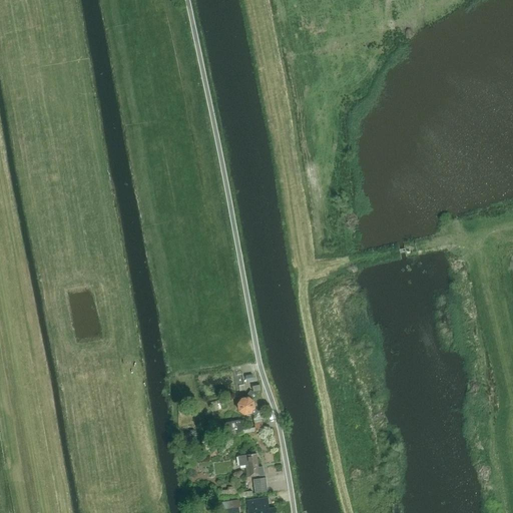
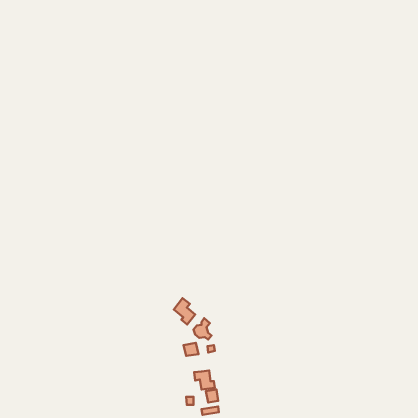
building: none -> [174,298,195,325]

